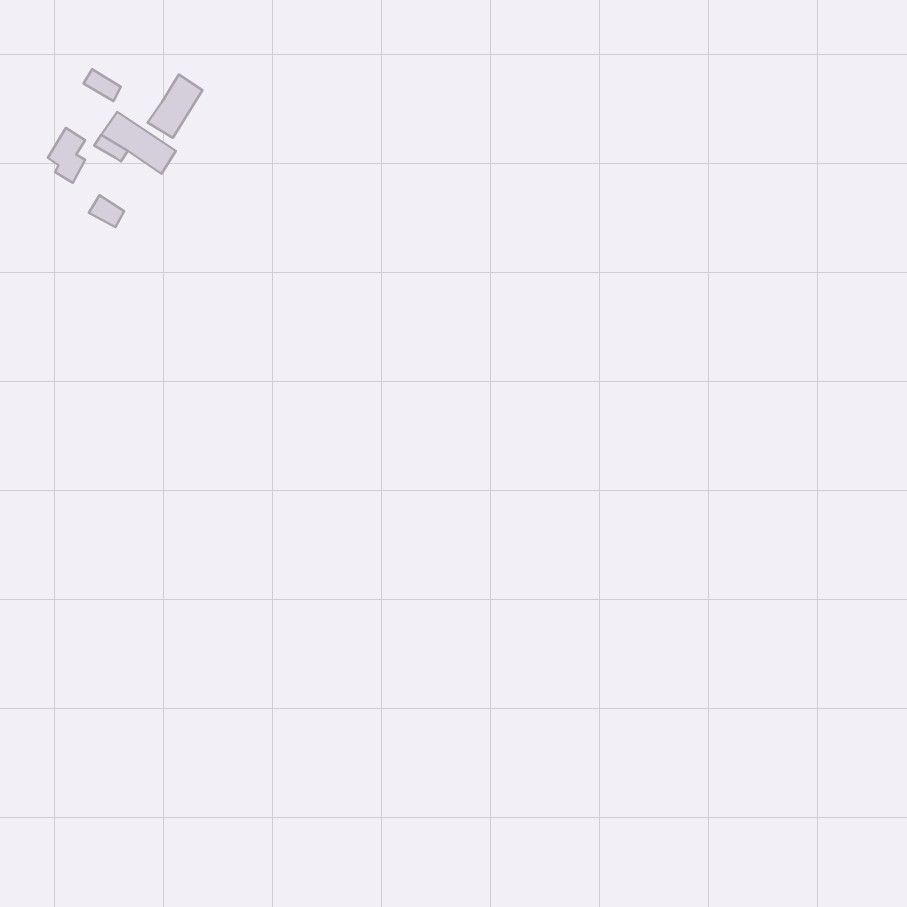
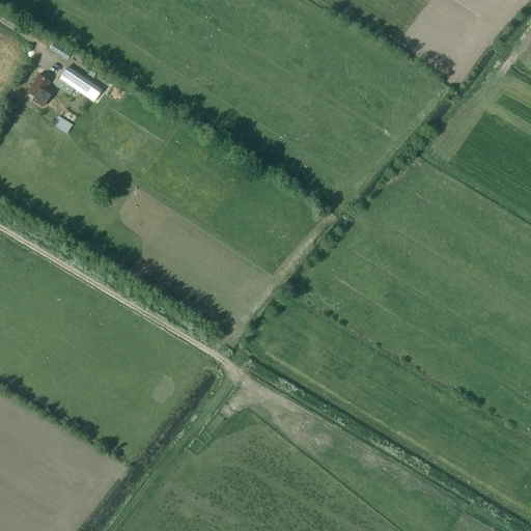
building: [148,74,202,138] -> none

